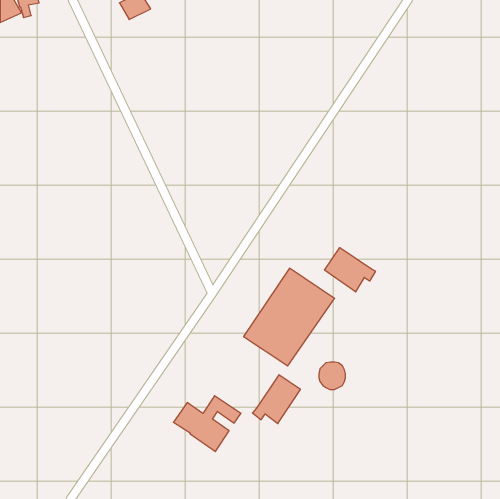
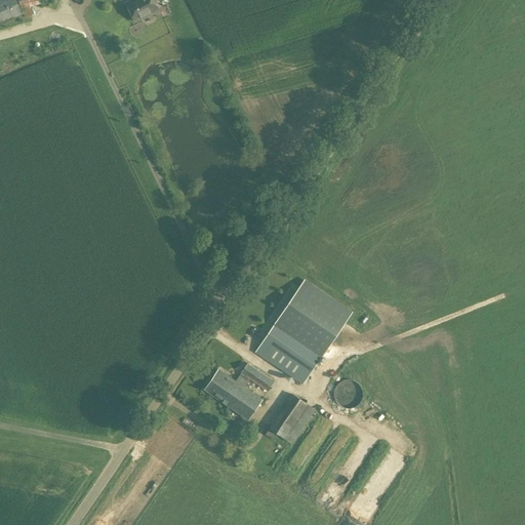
building: [325,248,375,292] -> none
building: [173,396,241,452] -> [204,362,275,420]

